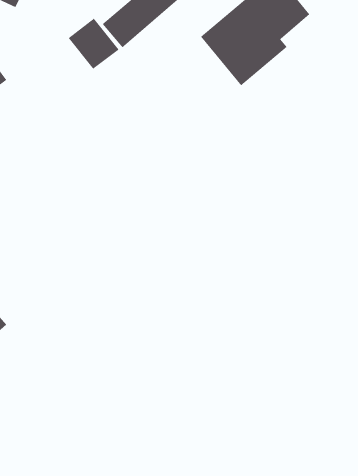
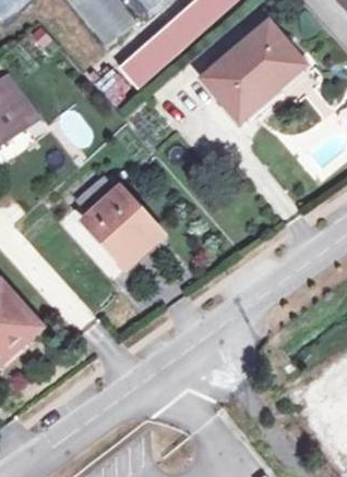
building: none -> [77,178,160,266]

